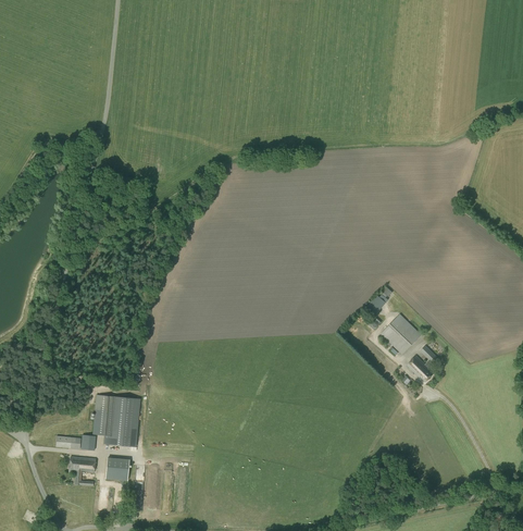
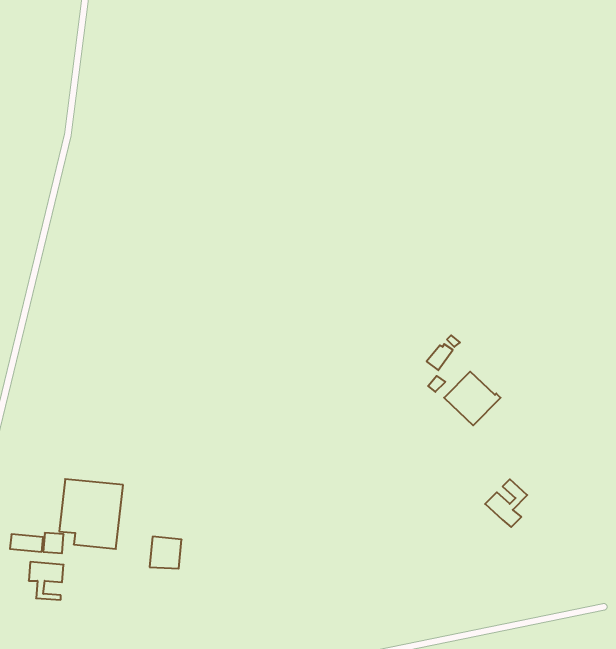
building: [407,346,438,382] -> [485,479,527,527]
building: [105,457,129,481] -> [150,537,182,569]

